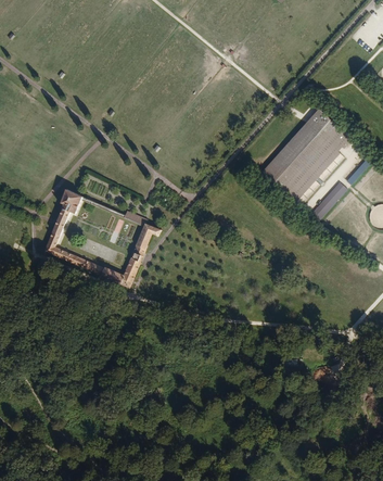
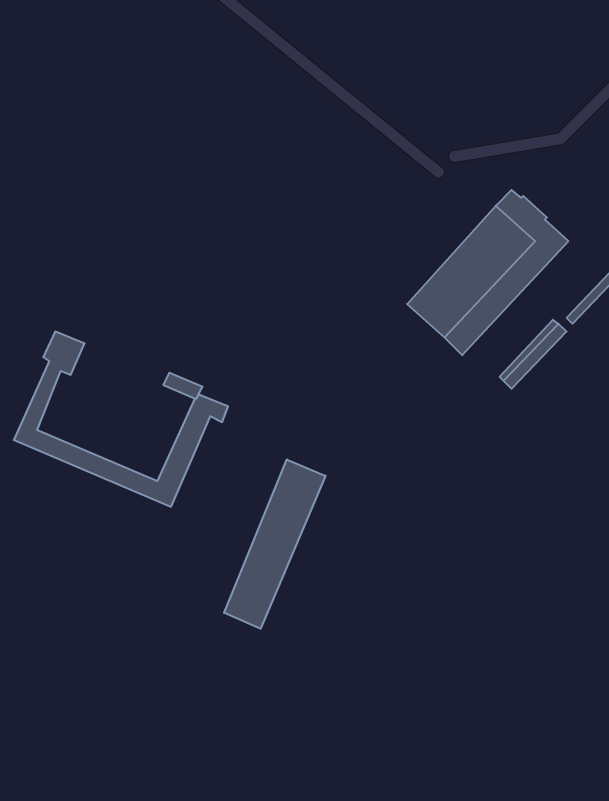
building: none -> [224,459,326,629]

